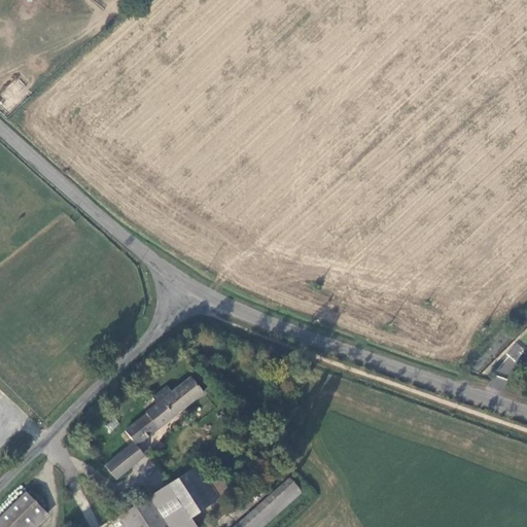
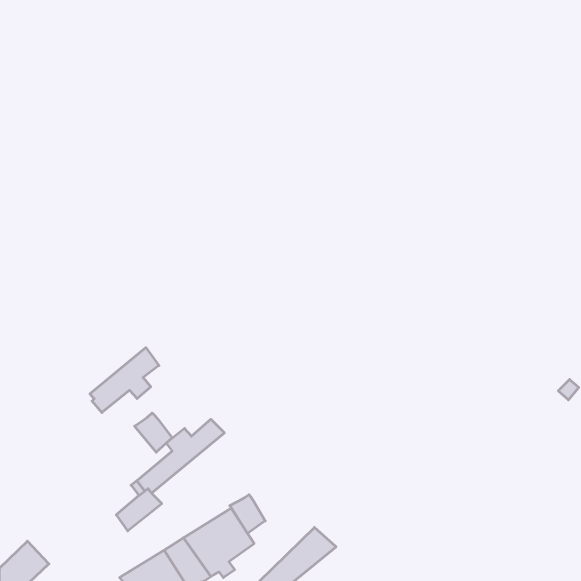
building: none -> [90,348,159,413]
building: none -> [135,413,172,452]
building: none -> [230,495,265,533]

